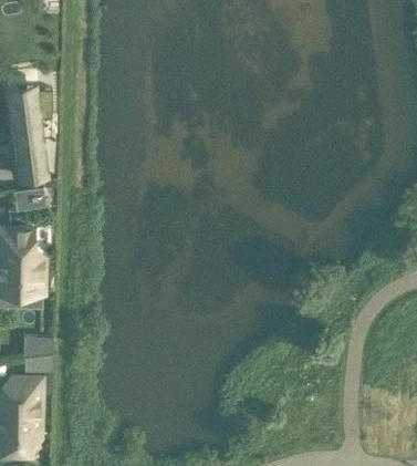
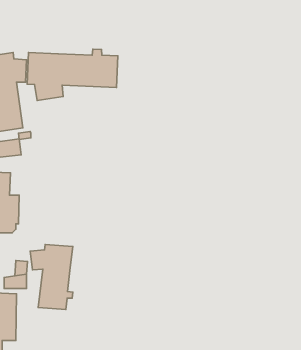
building: none -> [27,49,118,101]
building: none -> [30,245,73,310]

